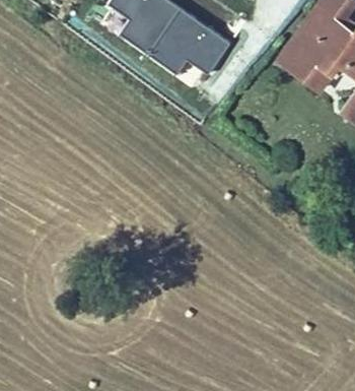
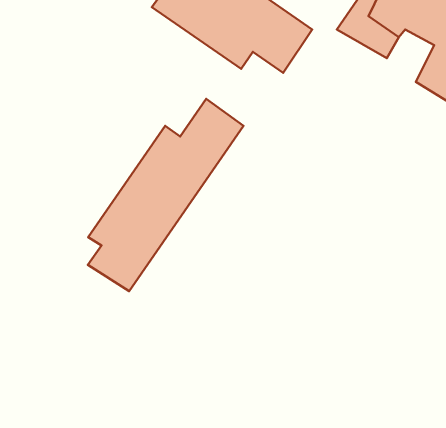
building: none -> [88,99,243,291]

